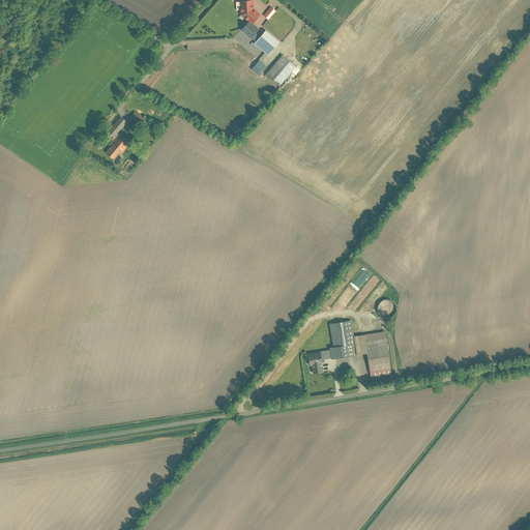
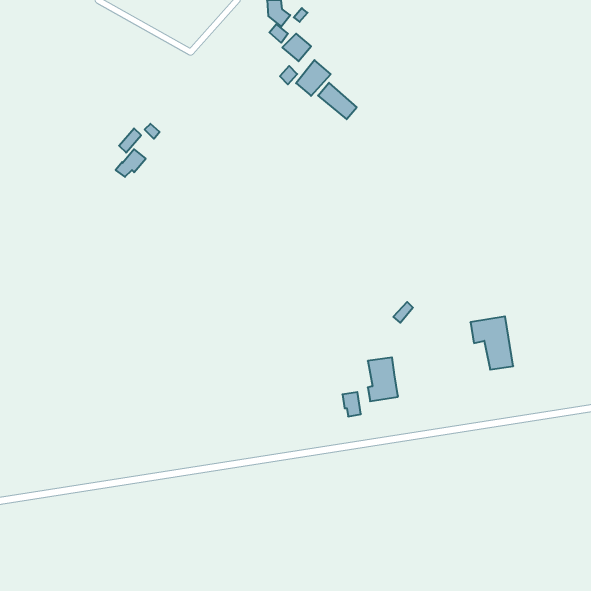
building: none -> [318,83,357,119]
building: [353,330,391,378] -> [470,316,513,370]

